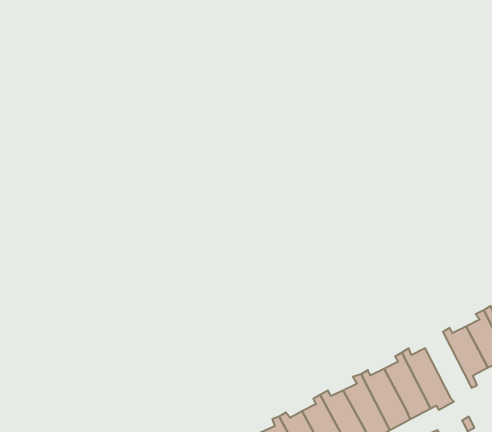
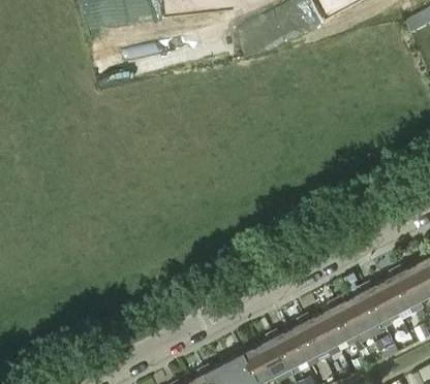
building: none -> [352,284,388,334]

